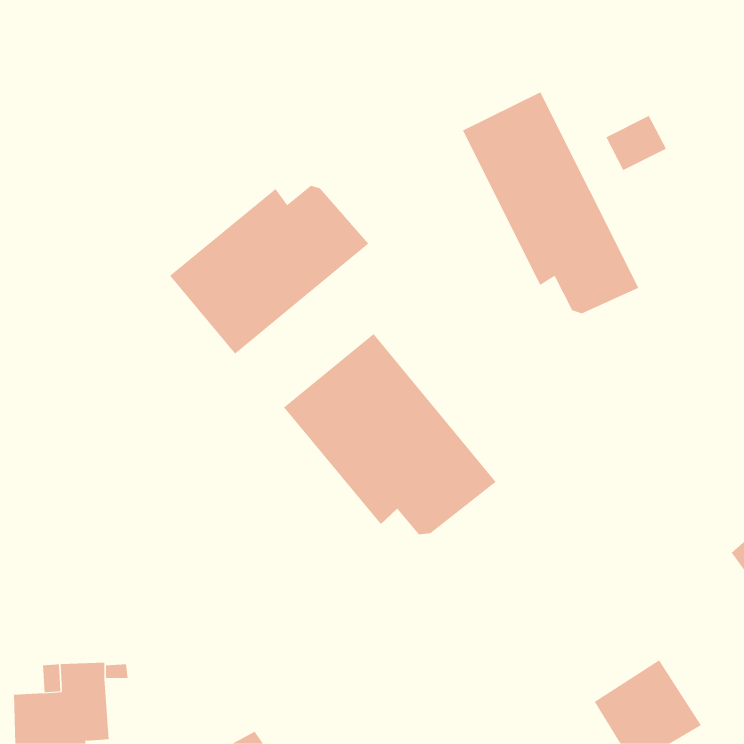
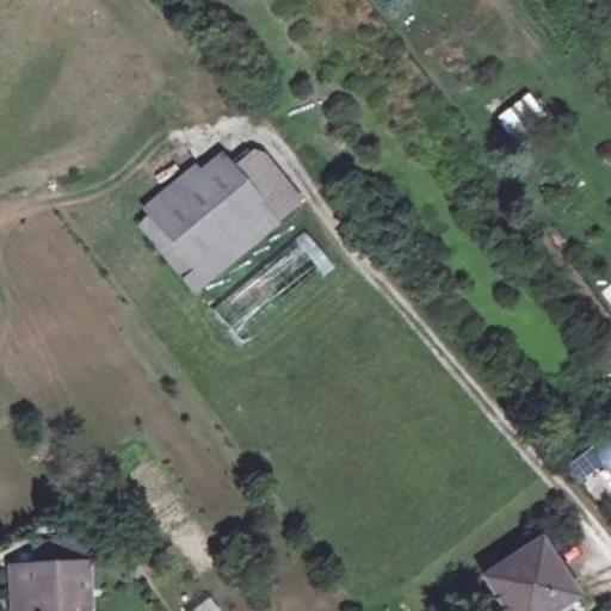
building: [462,92,639,314] -> none
building: [283,333,496,535] -> none

